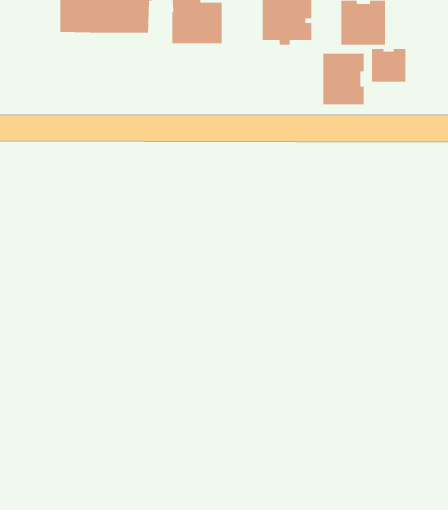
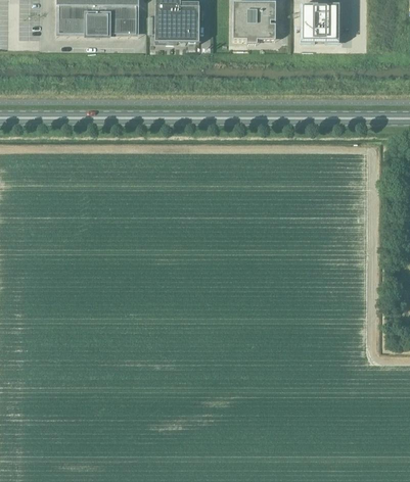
building: [372,48,406,82] -> none
building: [323,53,364,105] -> none

